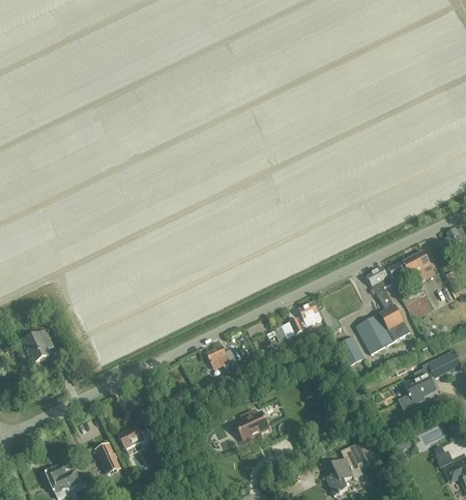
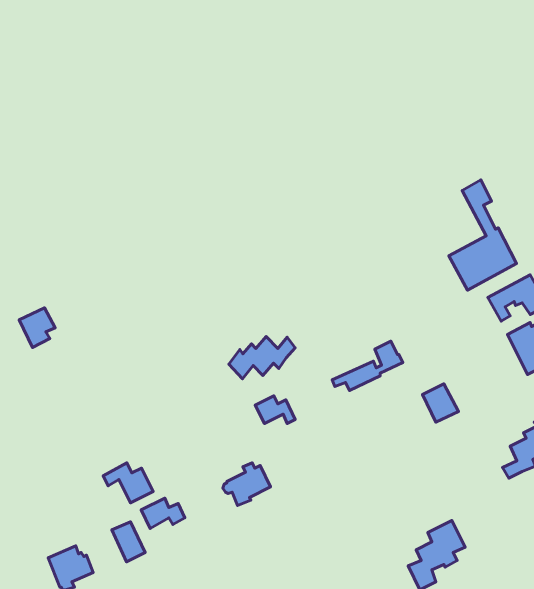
building: [356,267,409,353] -> [449,180,517,290]
building: none -> [229,336,295,379]
building: [25,330,53,361] -> [19,308,55,348]
building: none -> [103,463,153,503]
building: [232,409,269,442] -> [223,463,271,505]

